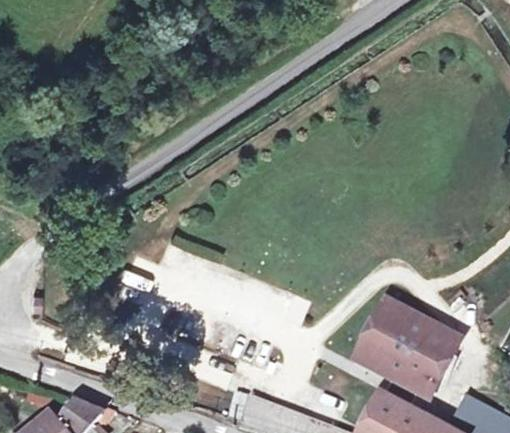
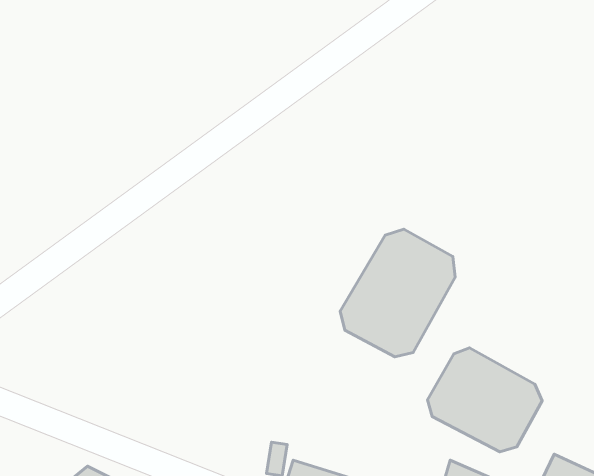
building: none -> [340,229,455,357]

